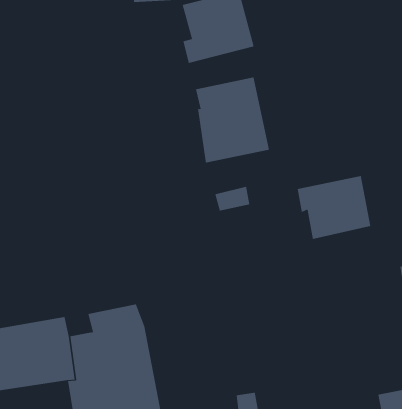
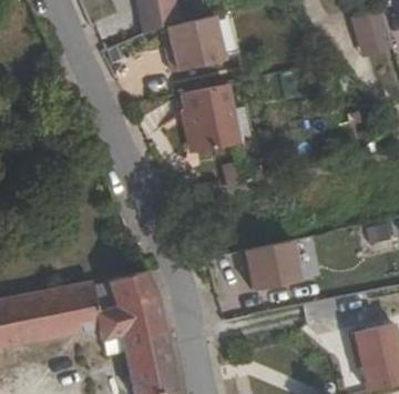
building: [297,176,371,240] -> [242,238,303,291]

